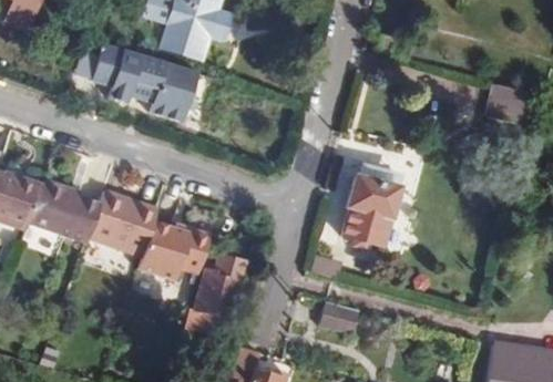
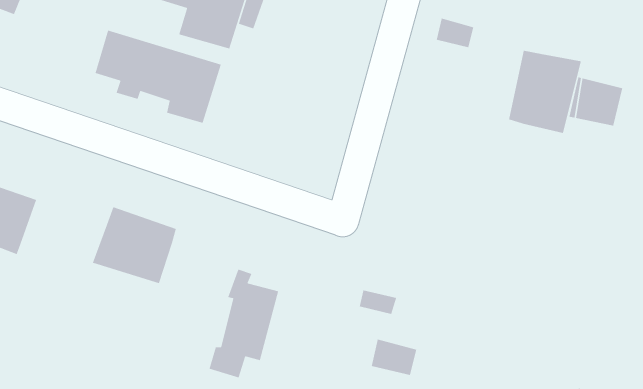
building: none -> [508,50,582,134]
building: [345,165,402,246] -> none
building: [29,182,100,244] -> none
building: [140,221,212,286] -> none

